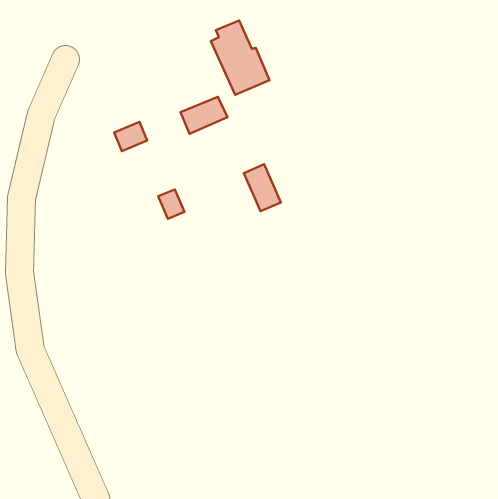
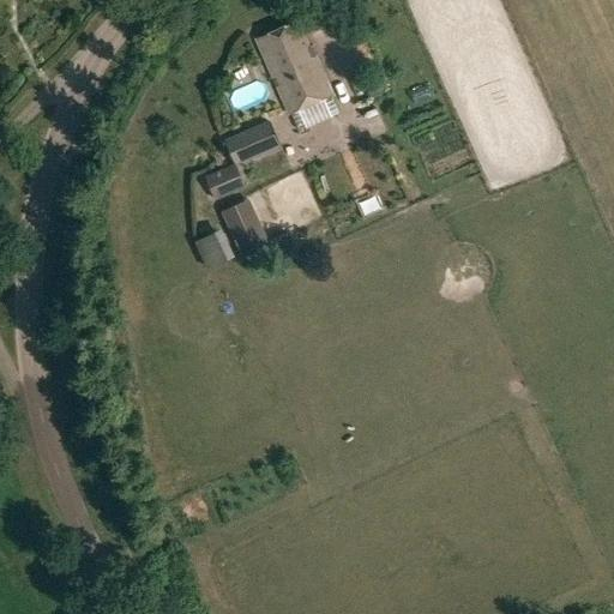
building: [114,122,147,151] -> [205,164,246,200]
building: [244,164,281,211] -> [227,197,272,254]

